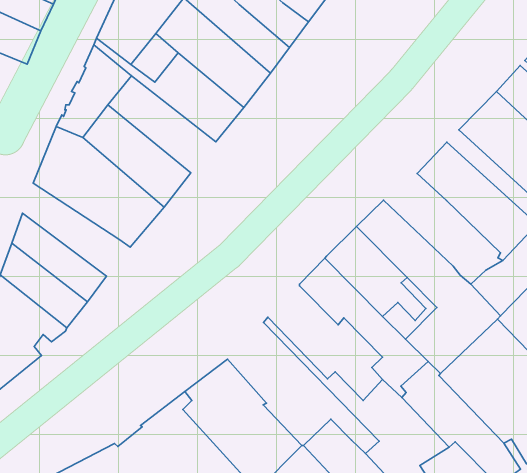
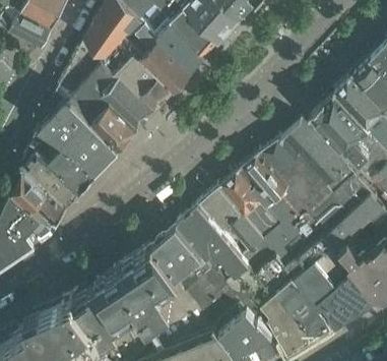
building: none -> [89,68,155,132]
building: none -> [258,143,330,216]
building: none -> [30,131,96,193]
building: none -> [180,210,249,284]
building: none -> [152,230,244,317]

